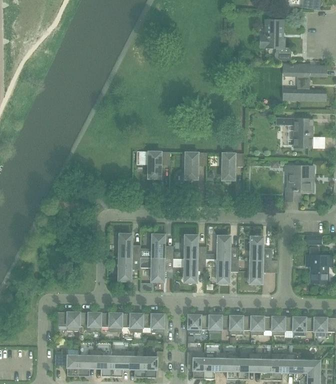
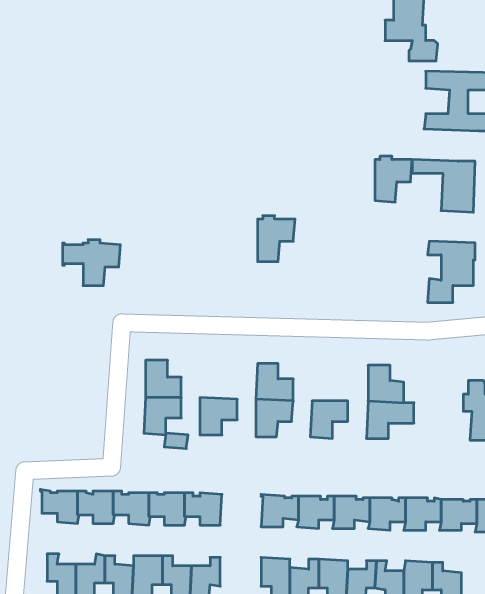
building: [135,149,169,176] -> [63,240,120,286]
building: [221,151,243,178] -> [375,156,412,202]
building: [150,236,172,258] -> none
building: [216,237,238,259] -> none

